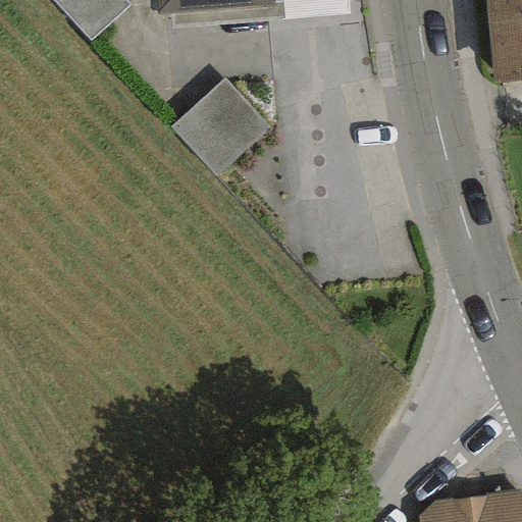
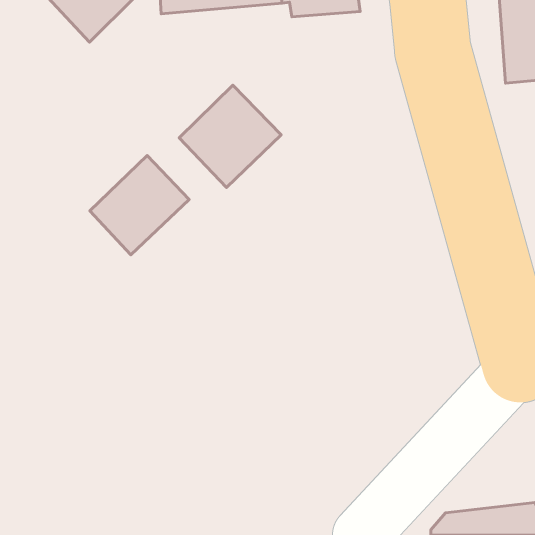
building: none -> [90,156,189,255]

